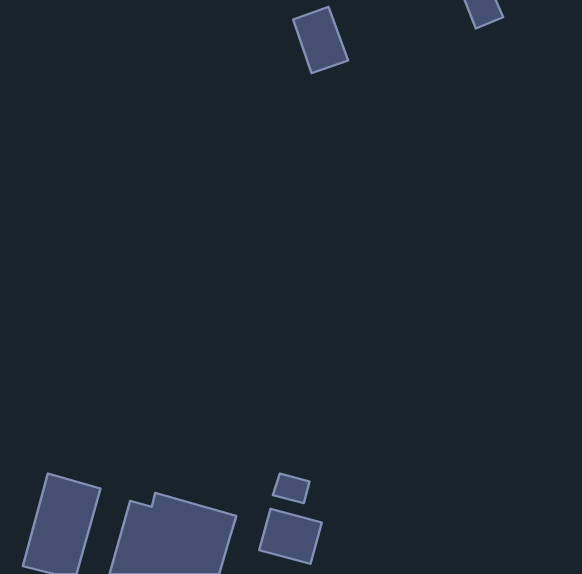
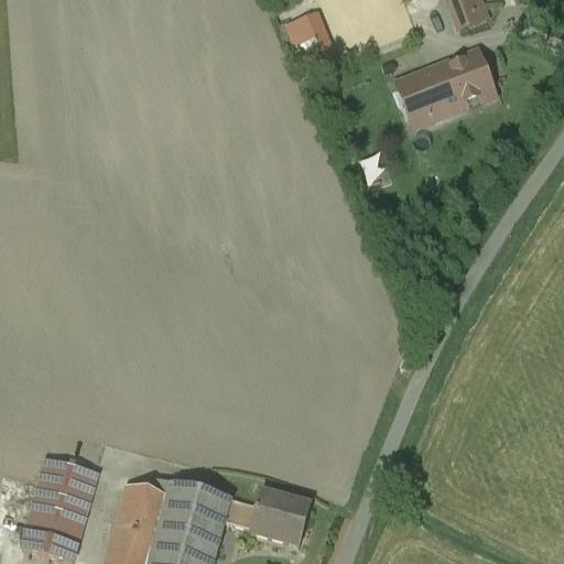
building: none -> [409,55,494,119]
building: [273,474,309,503] -> [223,499,258,528]

